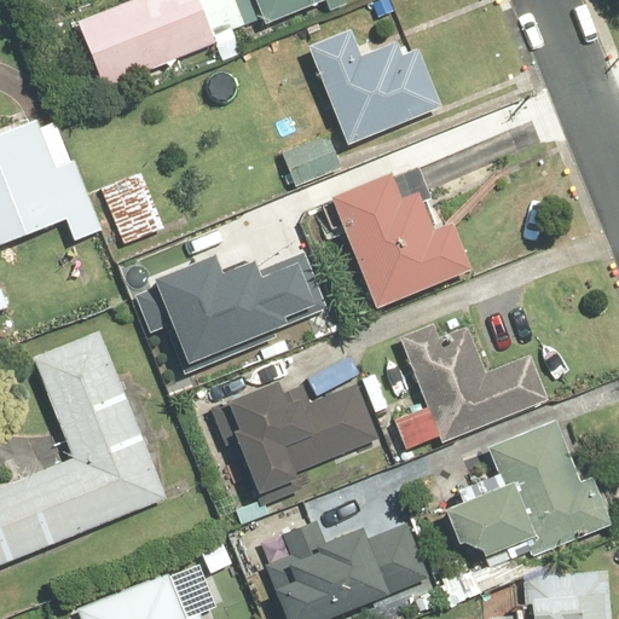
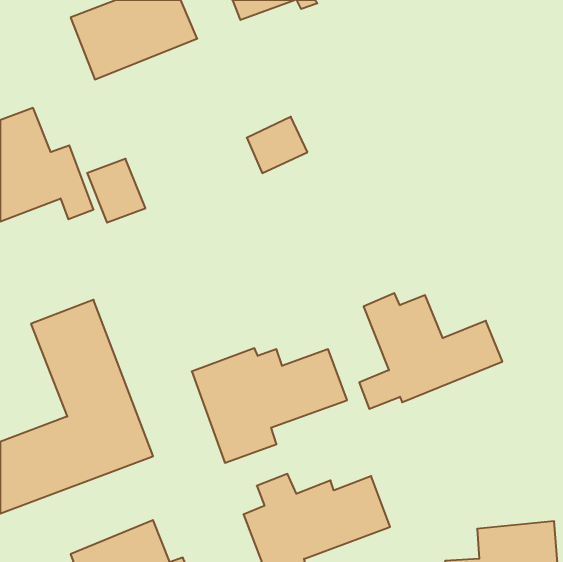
building: [307,29,444,144] -> none
building: [330,170,472,307] -> none
building: [150,247,331,363] -> none
building: [445,421,612,565] -> none

